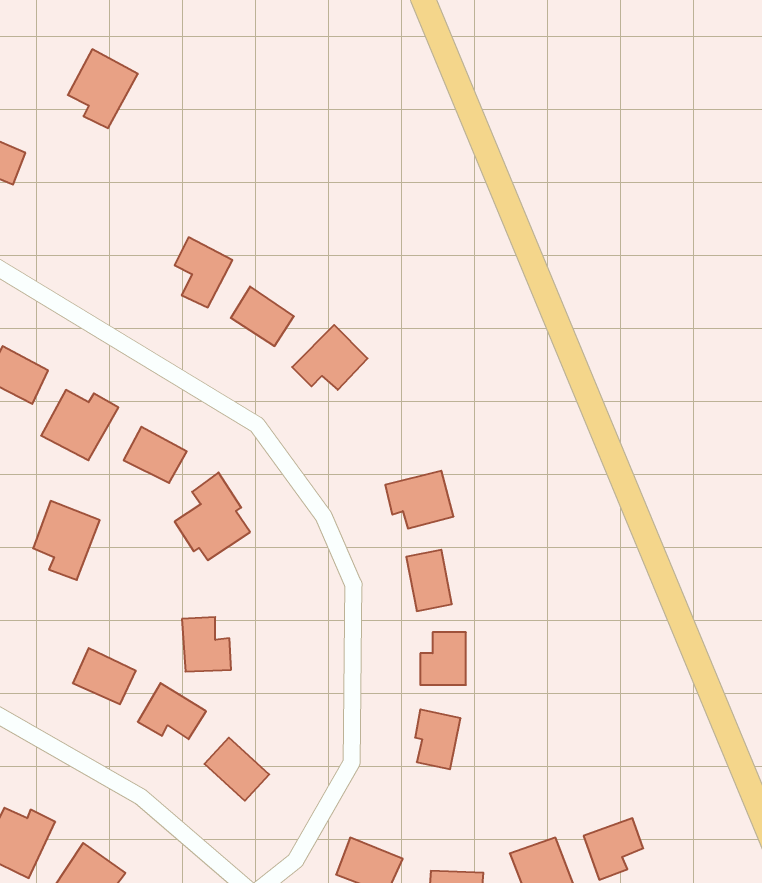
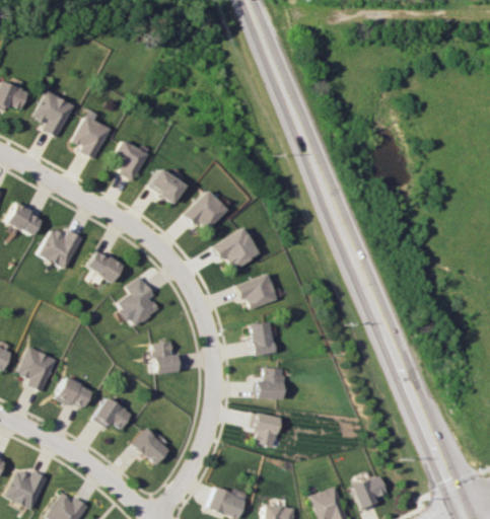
building: [68,49,138,128] -> [34,91,75,137]
building: none -> [74,117,111,159]
building: none -> [213,227,261,270]
building: [33,501,100,580] -> [19,347,58,392]
building: [182,617,231,672] -> [153,342,182,373]

